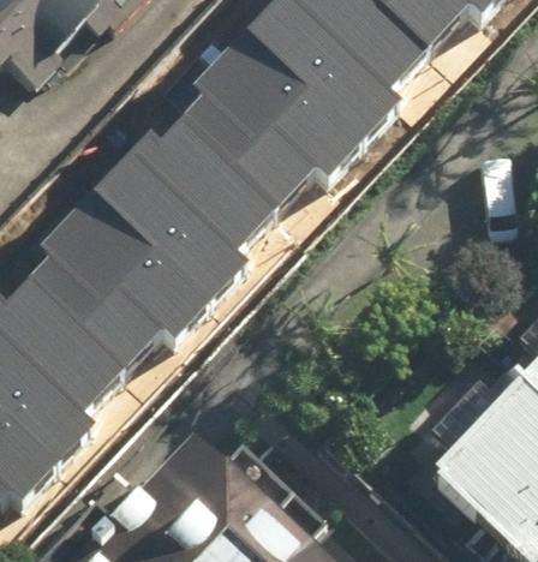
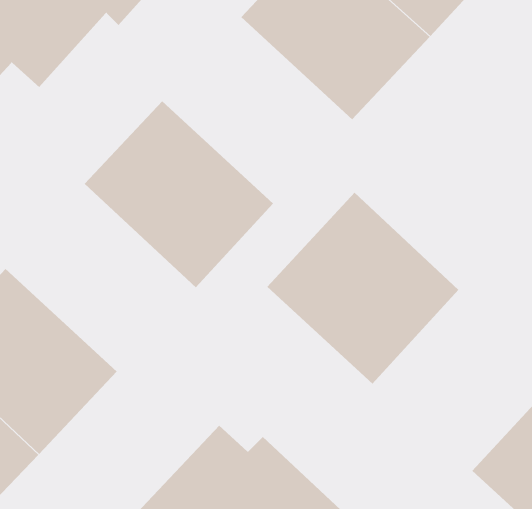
building: [161,37,345,217] -> none
building: [10,198,193,379] -> none
building: none -> [266,192,459,385]

